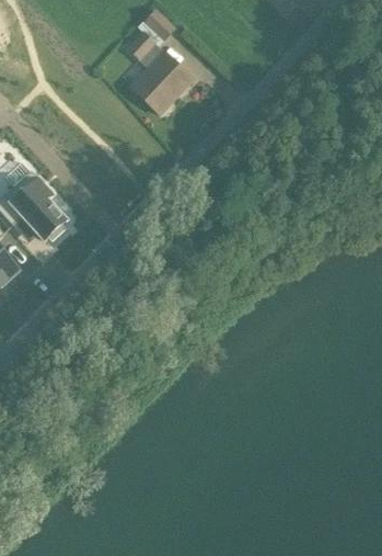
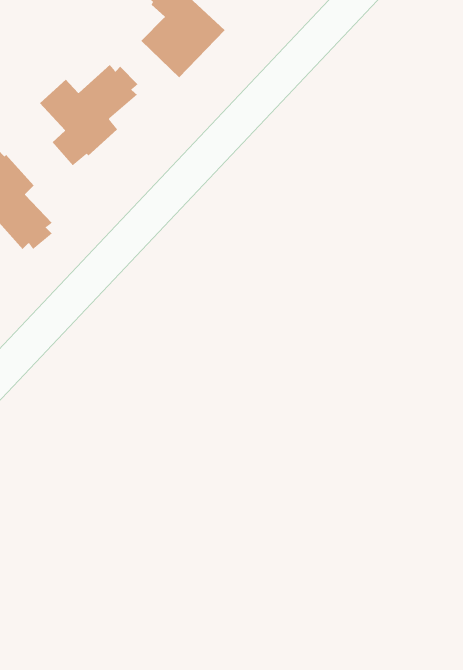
building: none -> [39,64,138,166]

